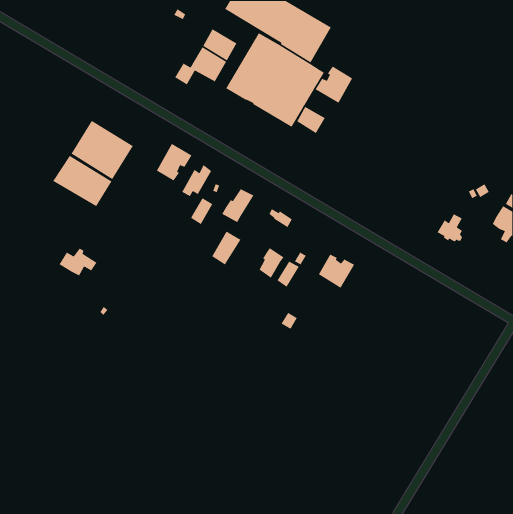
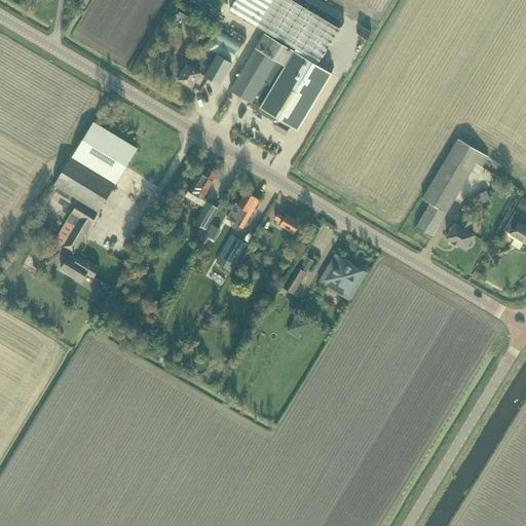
building: [315,66,353,104] -> none
building: [296,106,326,134] -> none
building: none -> [415,139,488,237]
building: [156,143,193,182] -> none
building: none -> [53,201,98,253]
building: [259,247,284,279] -> none

